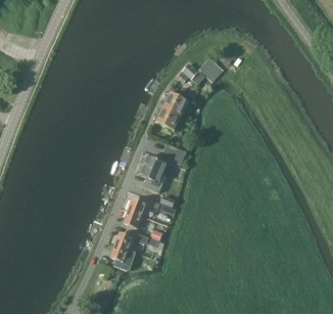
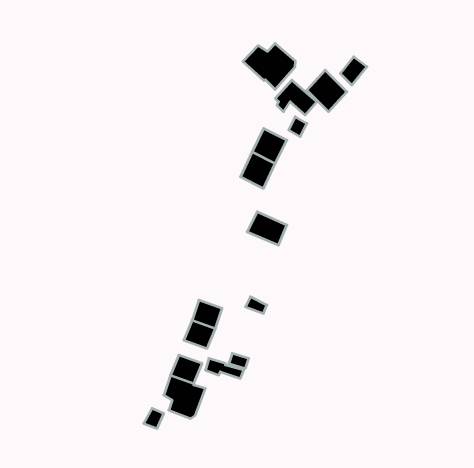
building: none -> [243,43,295,90]
building: [139,155,166,193] -> none

